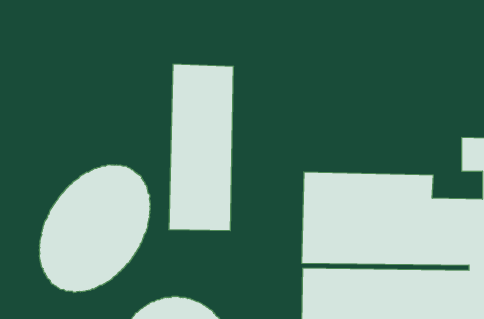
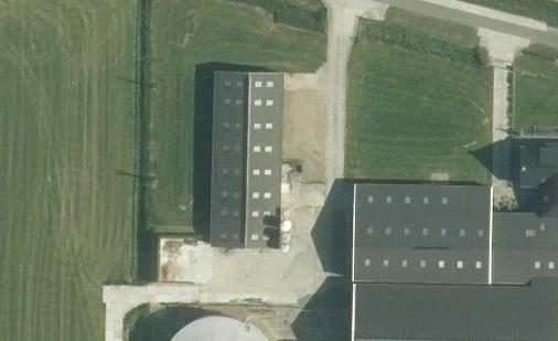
building: [39,165,150,293] -> none

